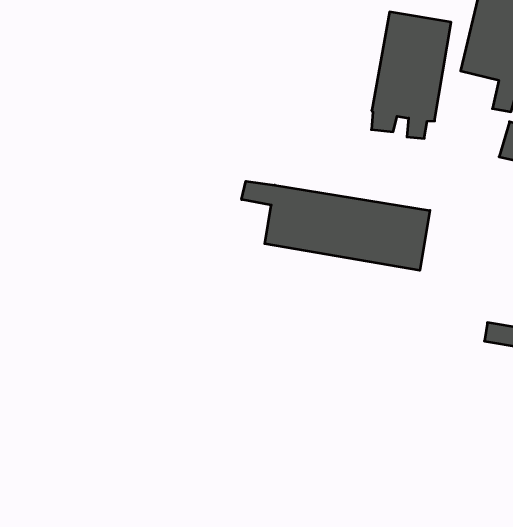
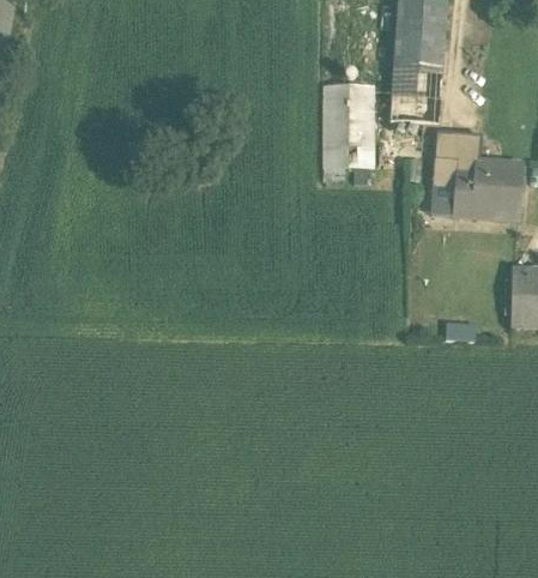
building: [242,181,430,270] -> none

